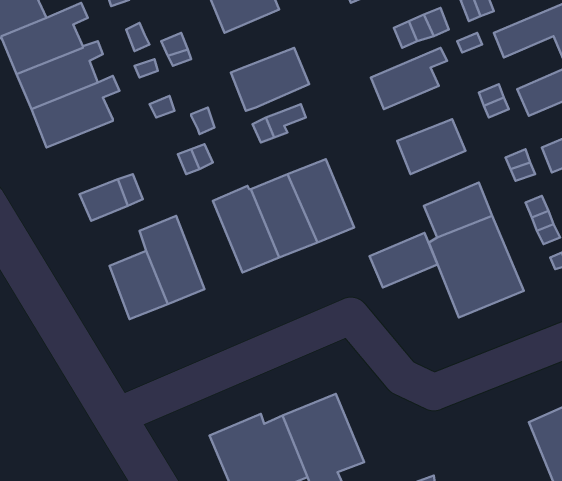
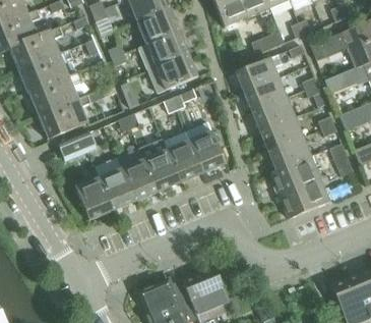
building: none -> [141,31,189,69]
building: none -> [244,77,286,111]
building: none -> [38,95,90,139]
building: none -> [117,148,158,202]
building: [369,233,438,288] -> [260,117,302,151]

